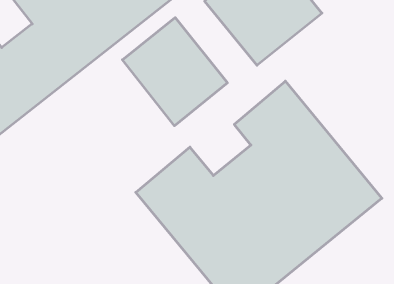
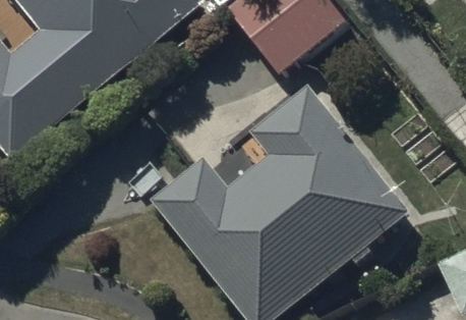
building: [122,18,227,126] -> none

